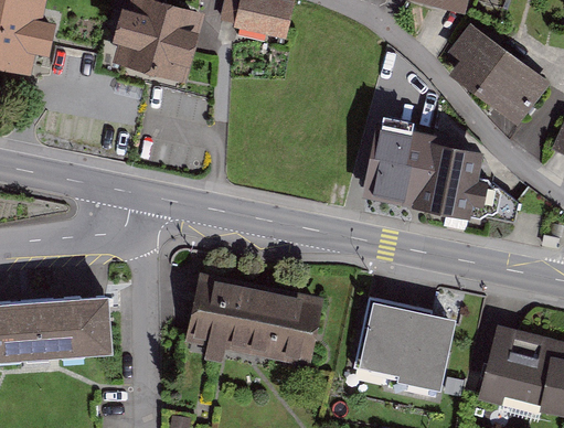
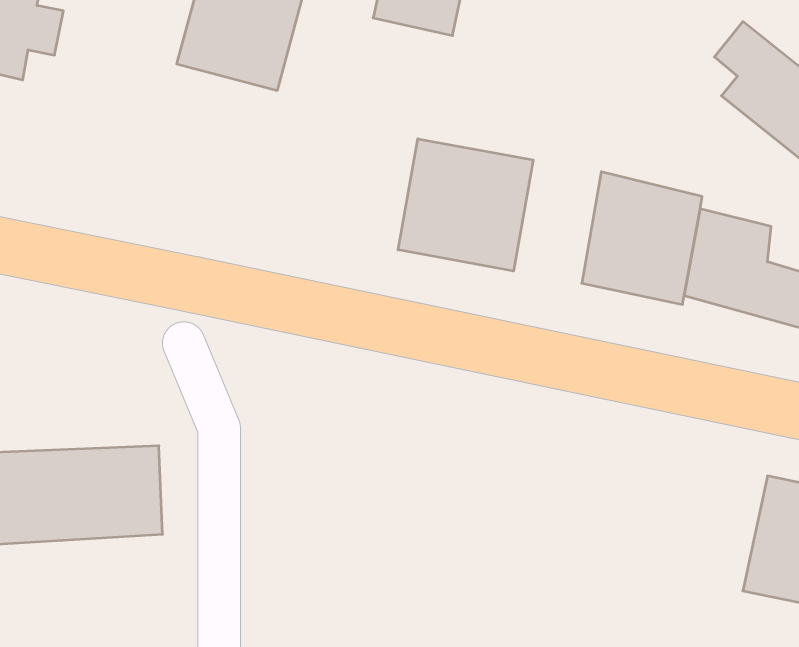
building: none -> [398,139,533,271]
building: [182,274,322,368] -> none
building: [369,296,446,386] -> none

